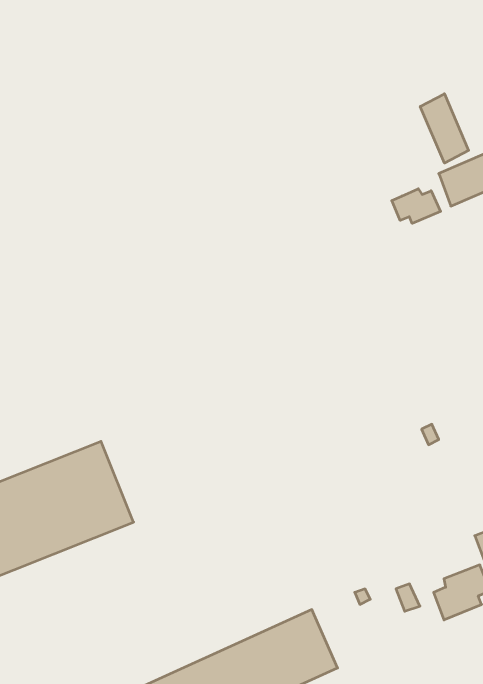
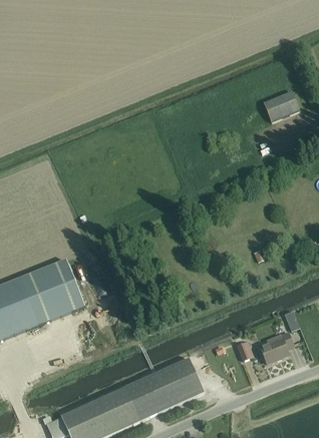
building: [420,94,469,163] -> none
building: [392,189,441,223] -> none

